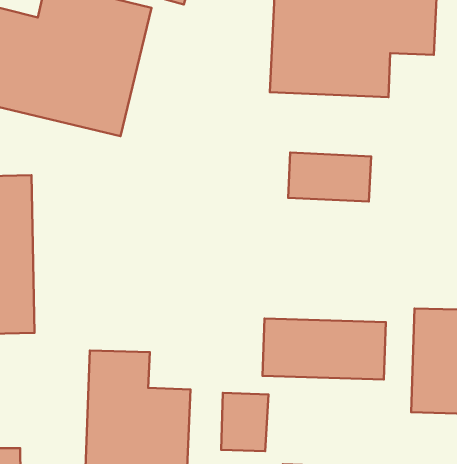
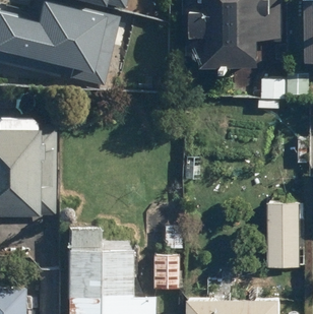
building: [288,153,371,202] -> none
building: [263,318,386,379] -> none

